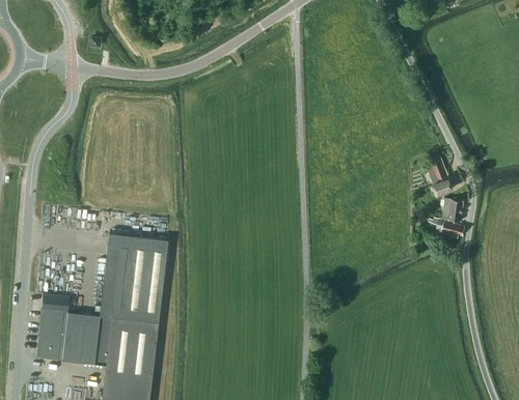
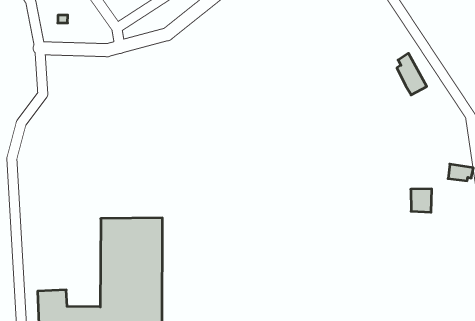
building: [428,154,454,194] -> [397,53,427,95]
building: [443,197,465,221] -> [411,189,432,212]

